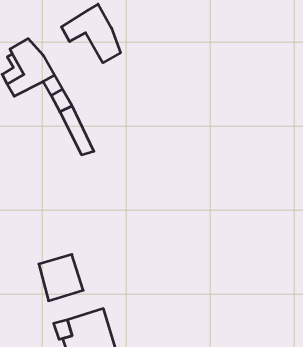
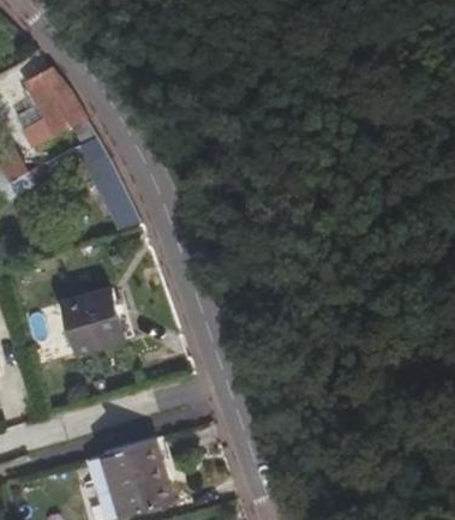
building: [61,4,120,63] -> none
building: [39,254,83,301] -> [65,289,126,353]

